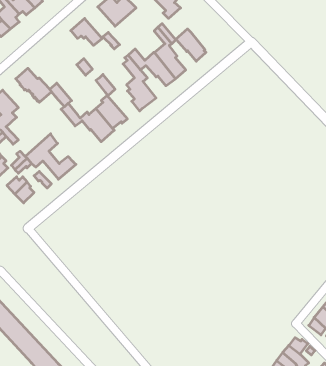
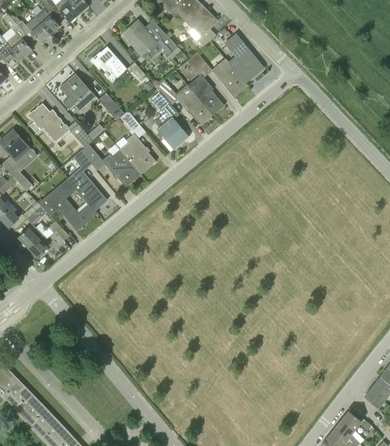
building: none -> [224,35,261,82]
building: none -> [60,74,96,111]
building: none -> [68,150,106,210]

